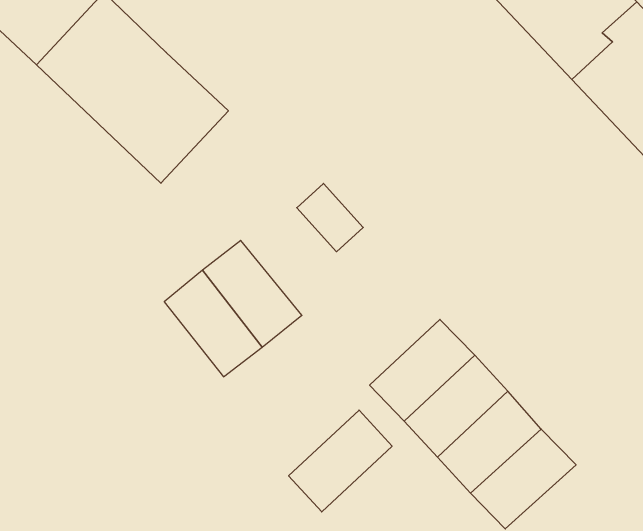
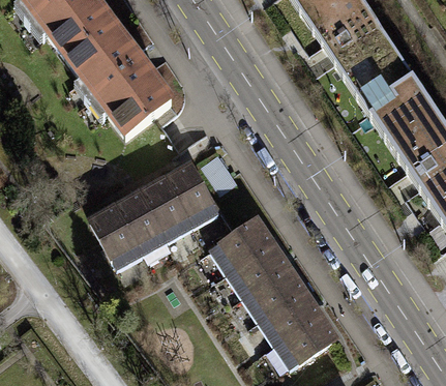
building: none -> [167,161,219,225]
building: none -> [91,204,144,266]
building: [289,410,392,512] -> [211,216,273,271]

